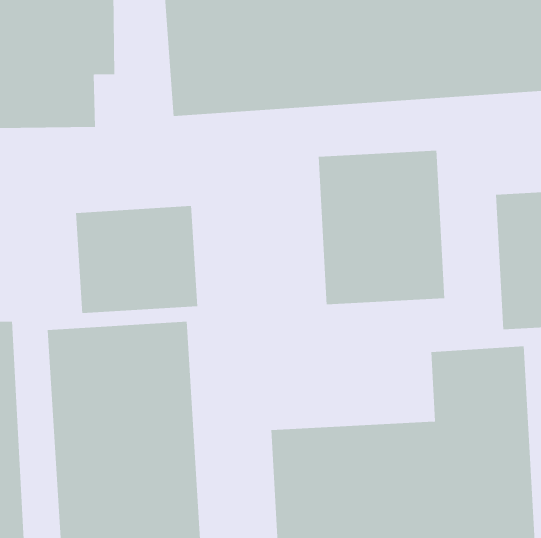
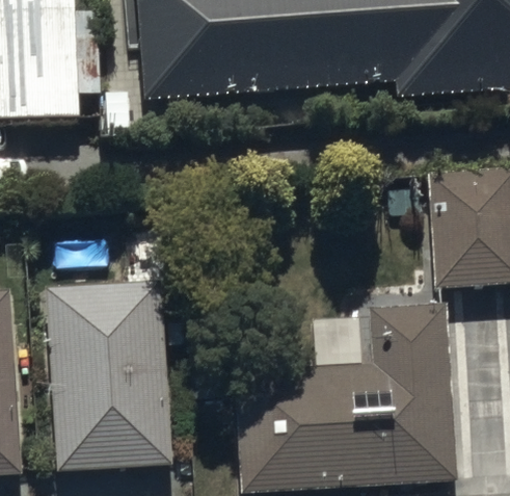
building: [318,150,445,305] -> none
building: [76,205,198,314] -> none

